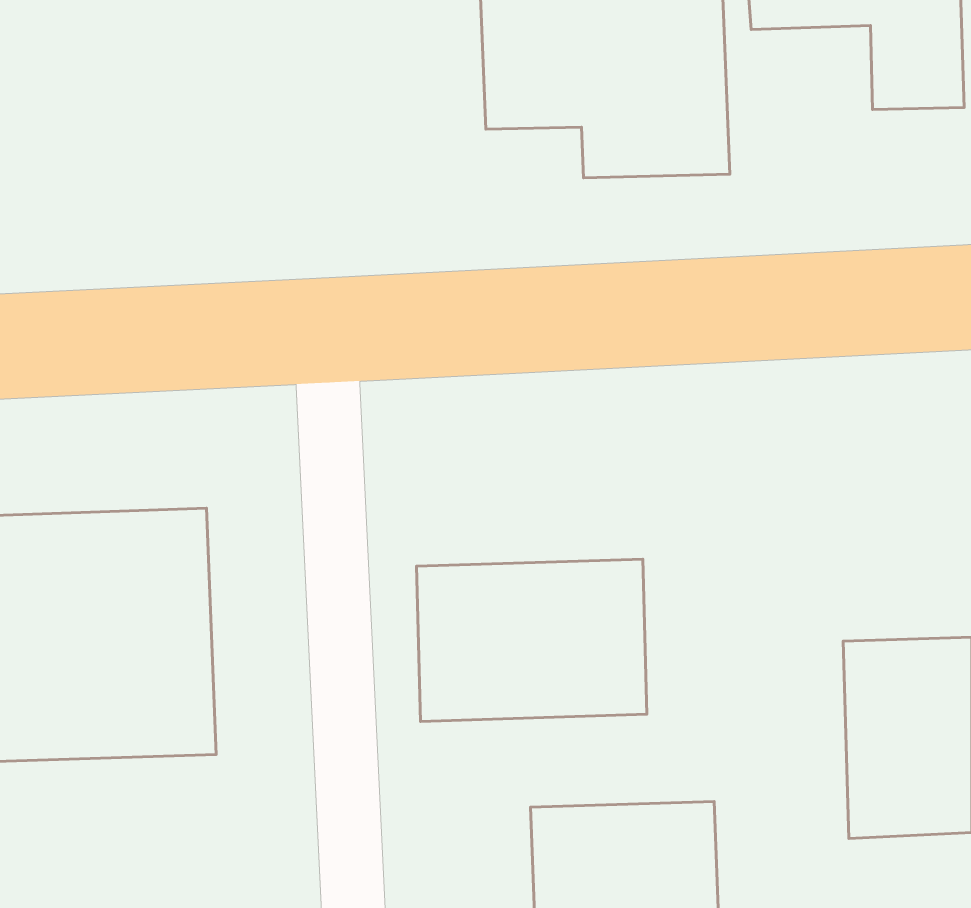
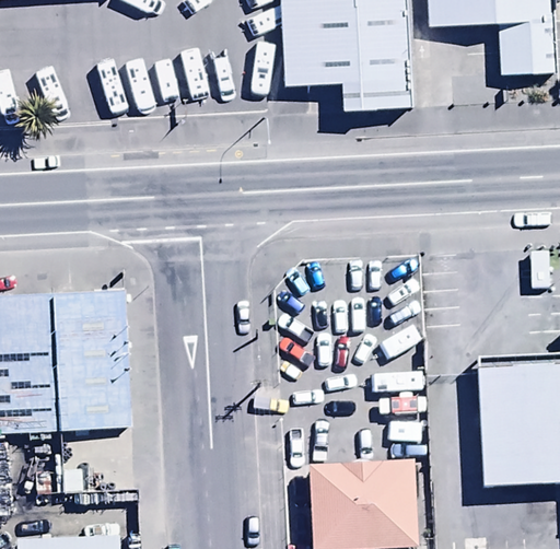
building: [416,559,647,721] -> none

